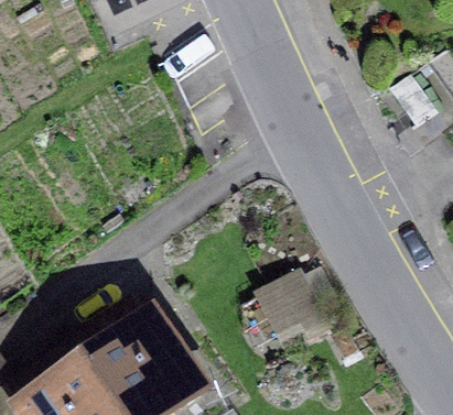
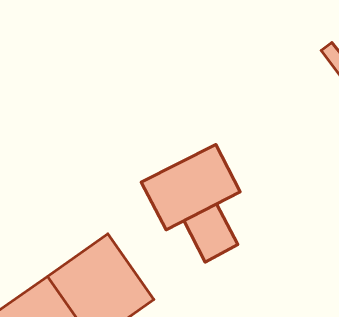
building: none -> [141,144,240,230]

